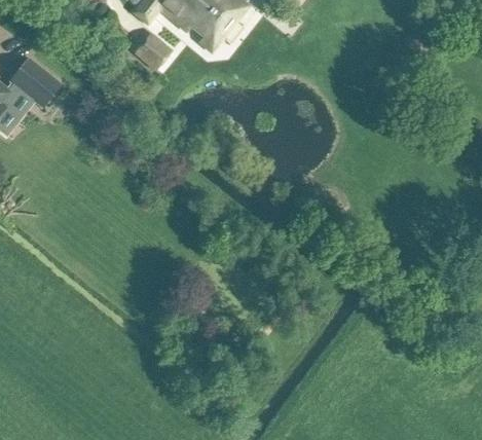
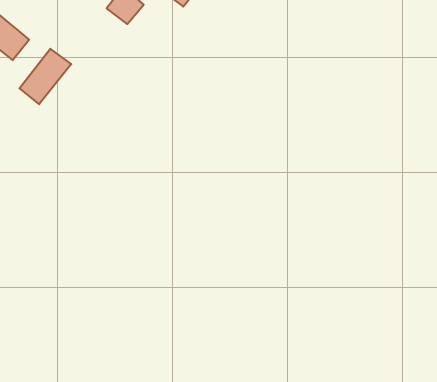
building: none -> [19,49,71,104]

